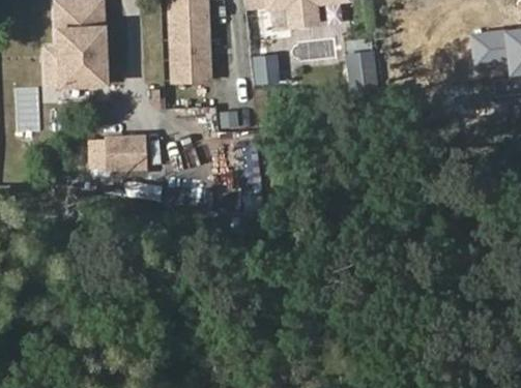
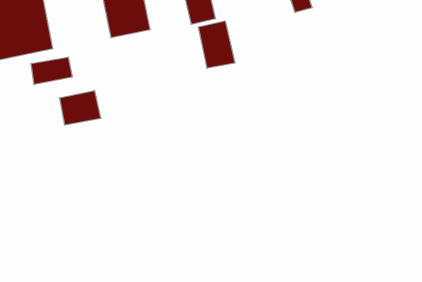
building: none -> [198,21,235,68]
building: none -> [31,57,72,85]

